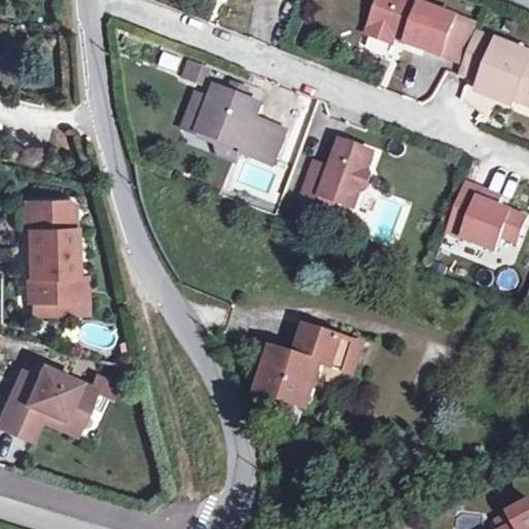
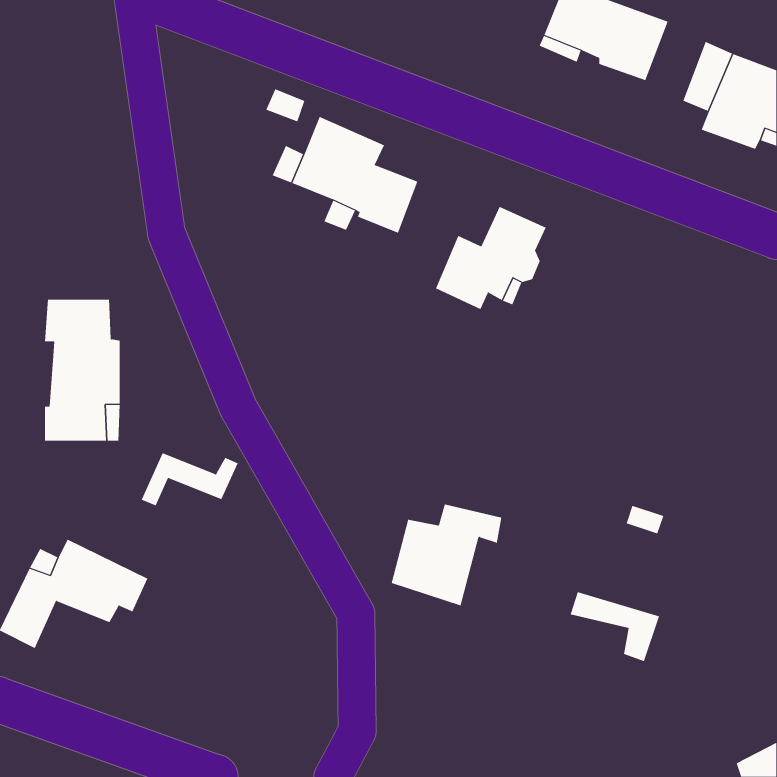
building: [437,14,471,62] -> none
building: [442,180,521,248] -> none
building: [301,325,362,373] -> [570,592,660,662]
building: [24,407,90,443] -> [141,453,239,506]

